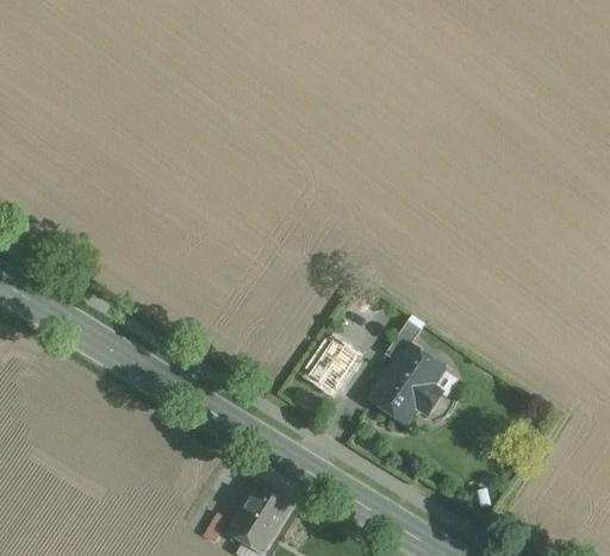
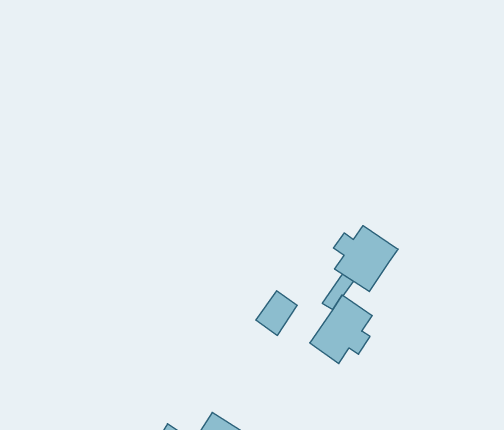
building: none -> [333,226,398,292]

